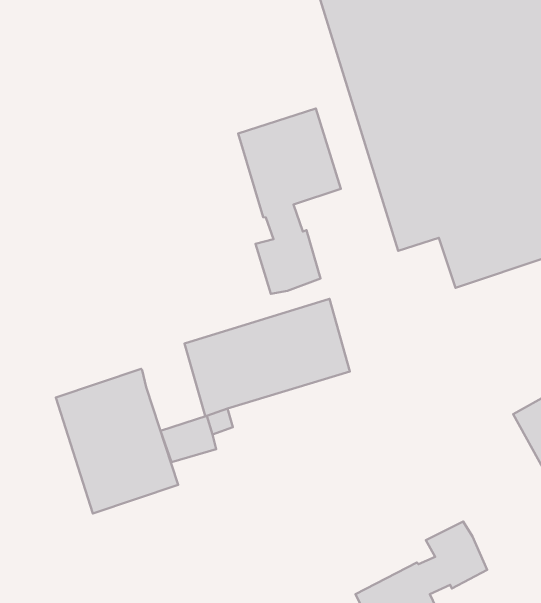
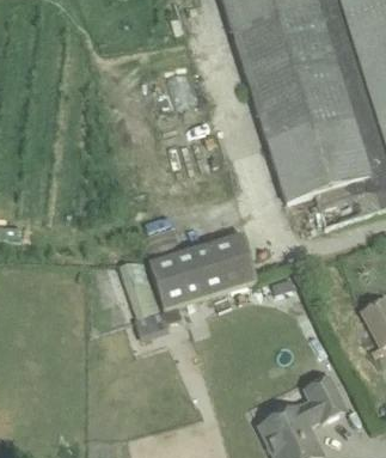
building: [238,109,341,294] -> none
building: [56,369,178,514] -> none

